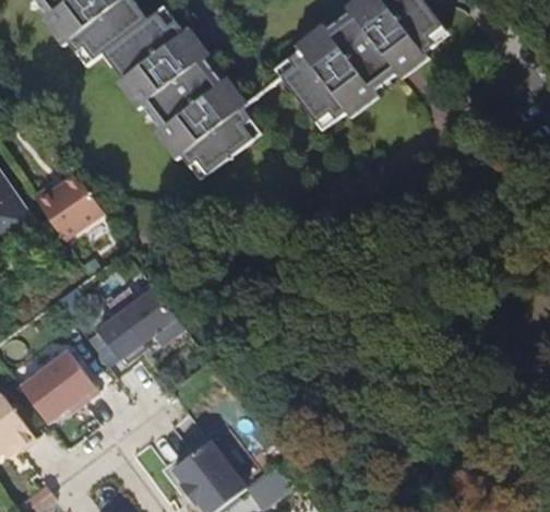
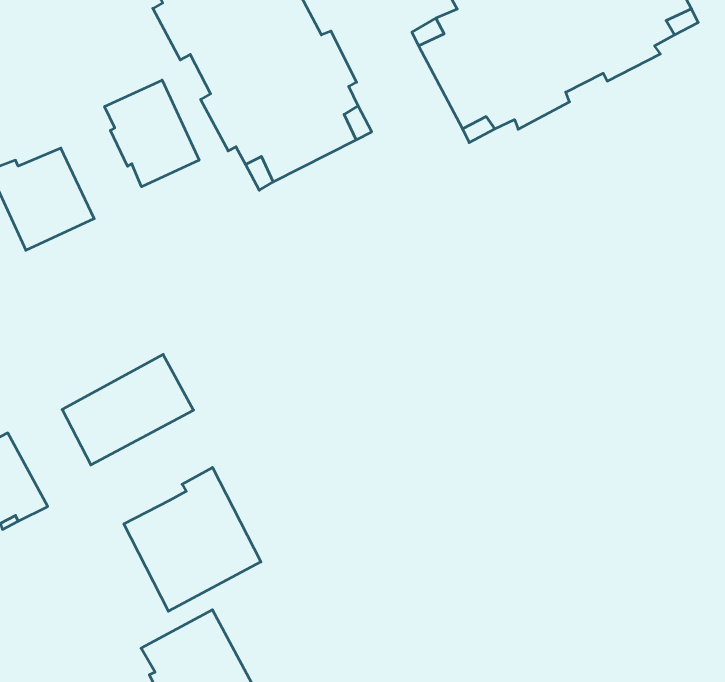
building: none -> [105,80,199,187]
building: none -> [124,467,261,611]

